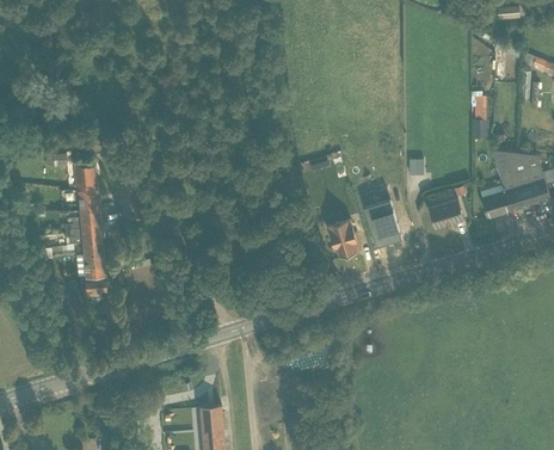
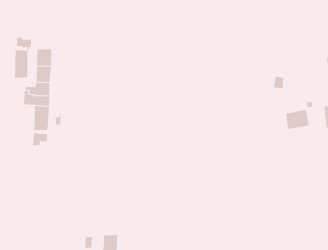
building: none -> [14,50,28,78]
building: [363,199,400,246] -> none
building: [326,218,361,255] -> none

